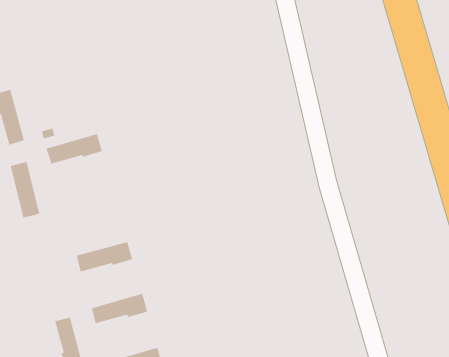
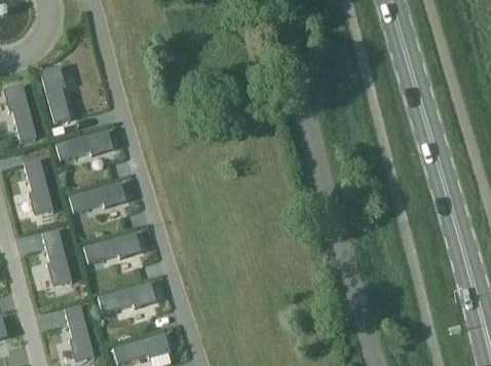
building: none -> [42,70,72,124]
building: none -> [70,182,124,213]
building: none -> [42,229,72,284]

